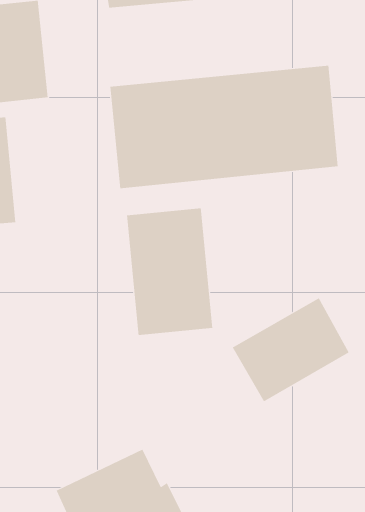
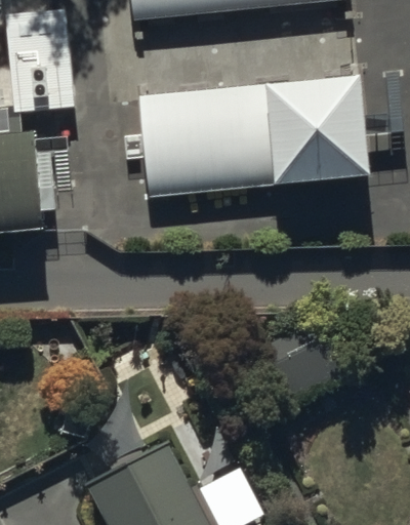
building: [126,208,213,336] -> none

